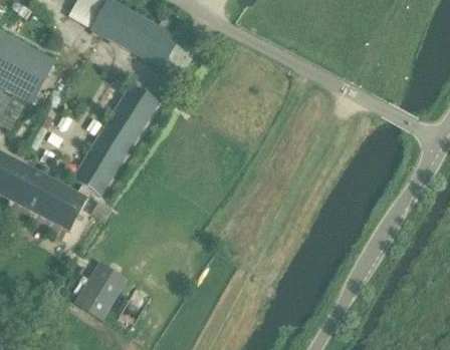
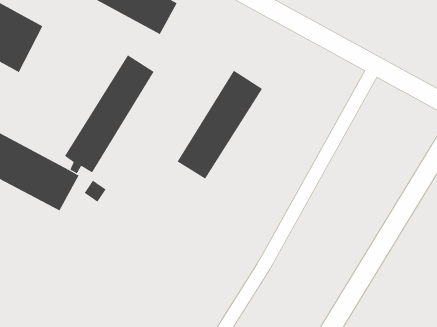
building: none -> [177,70,263,180]
building: [73,259,130,321] -> none

